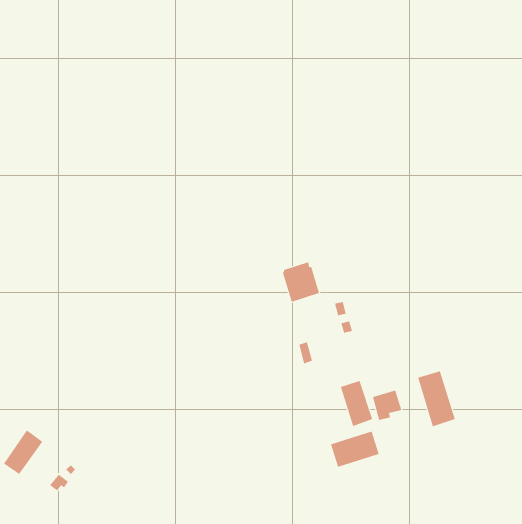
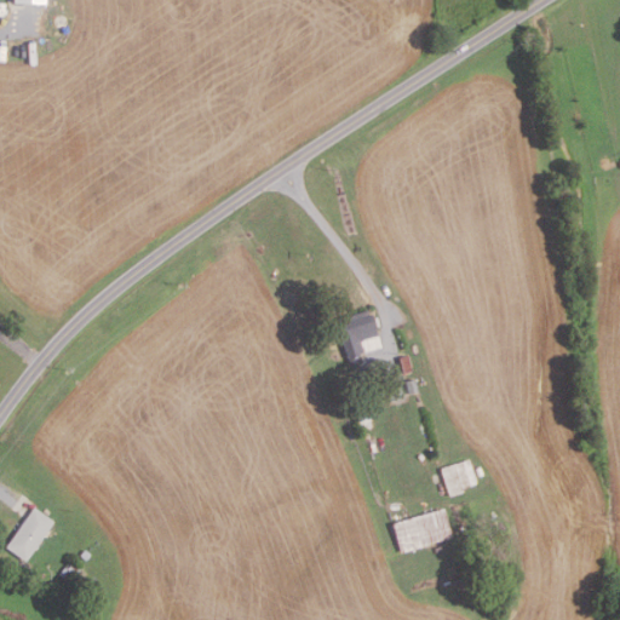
building: [417,371,456,427] -> none
building: [340,380,373,427] -> none

